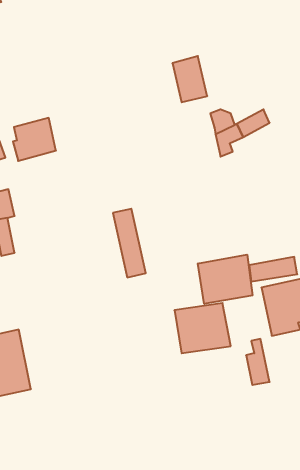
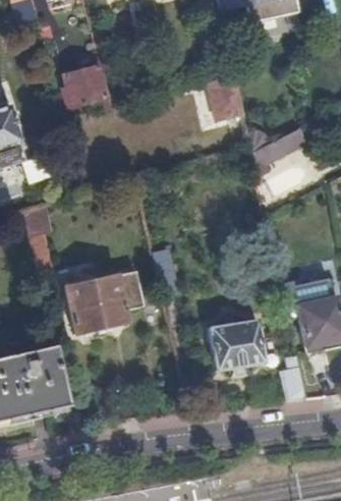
building: [13,118,56,161] -> [62,65,105,108]
building: none -> [65,271,144,333]
building: [198,255,252,304] -> none

